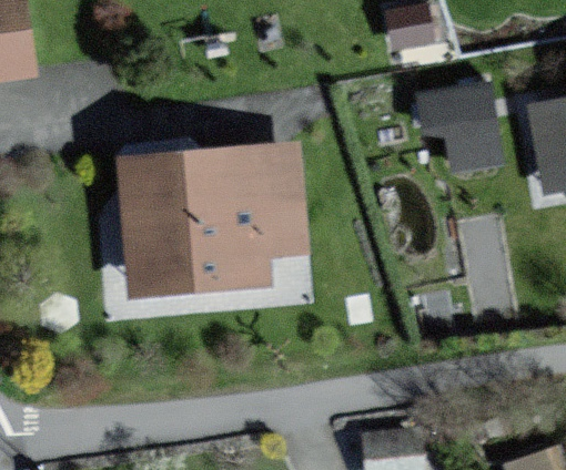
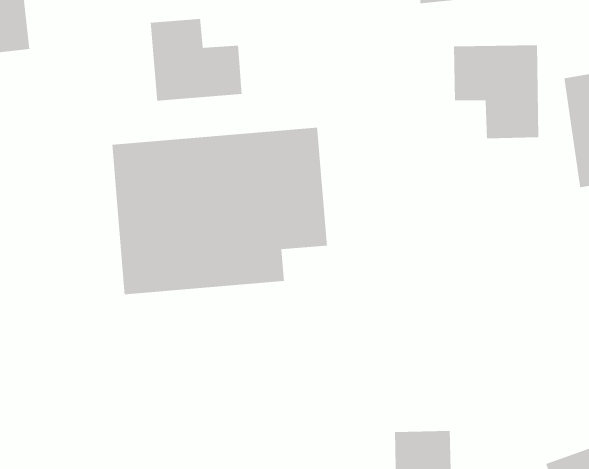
building: none -> [150,18,242,102]

